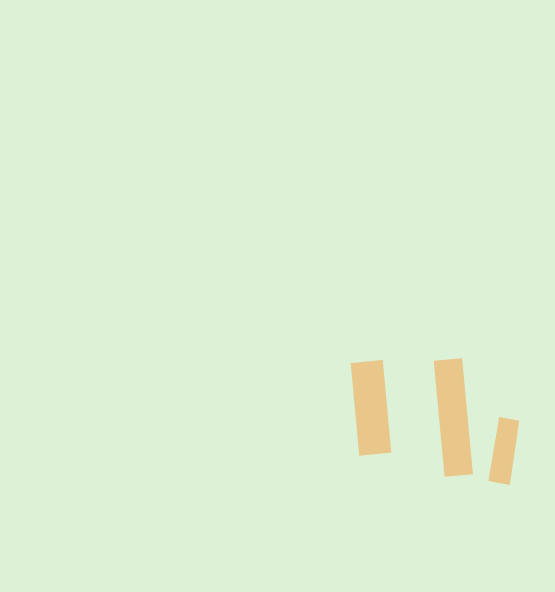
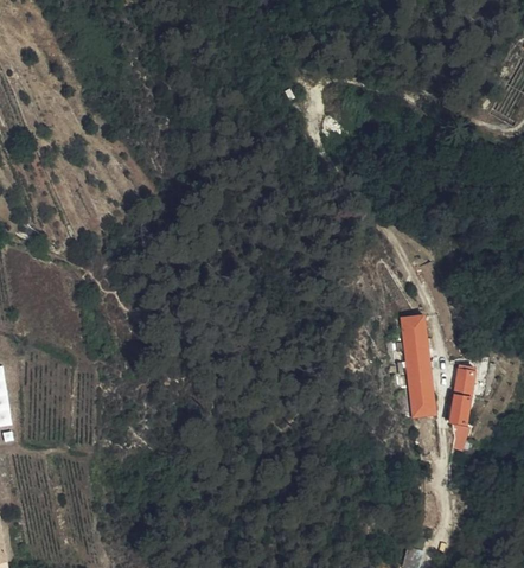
building: [350,359,392,456] -> none

